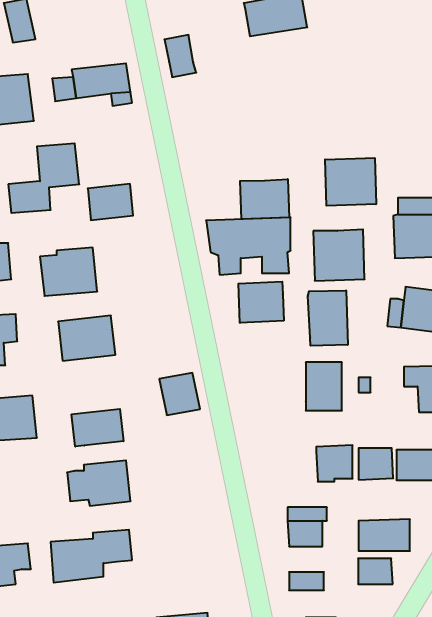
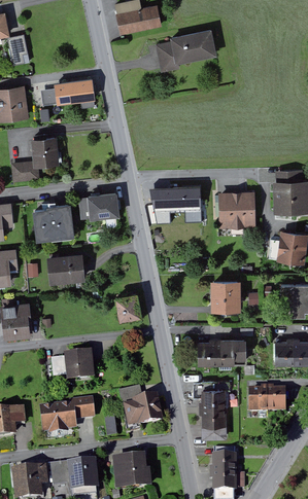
building: [164,35,196,77] -> [156,42,177,71]
building: [325,158,376,206] -> none
building: [240,179,289,219] -> none
building: [88,184,133,220] -> [87,193,117,218]
building: [238,282,284,323] -> none
building: [308,290,348,346] -> none
building: [72,409,123,447] -> none
building: [359,448,393,480] -> [198,344,221,365]
building: none -> [118,386,162,429]
building: [358,558,393,584] -> [202,408,226,426]

